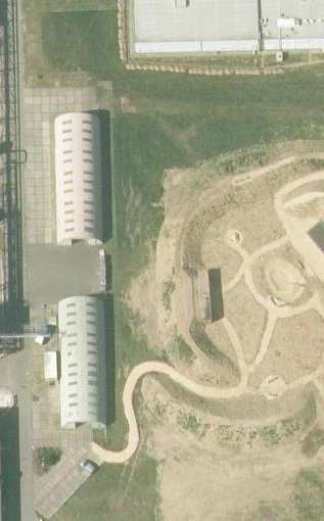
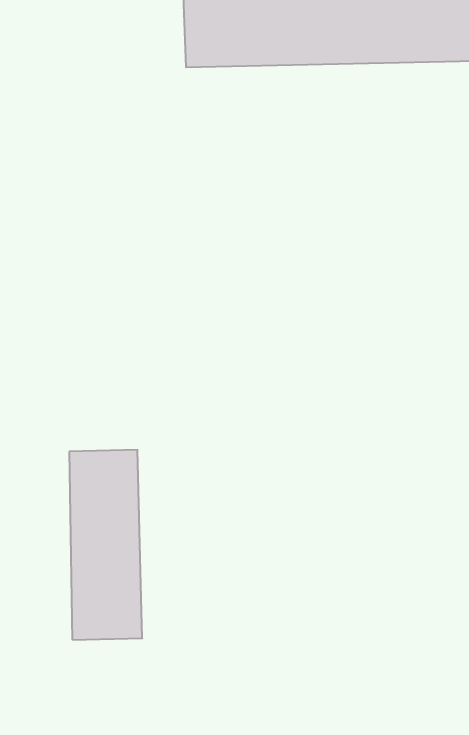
building: [54,115,102,239] -> none

